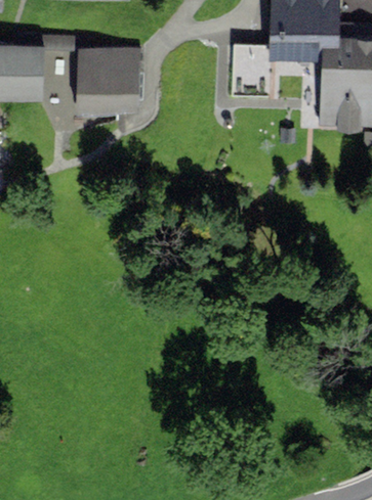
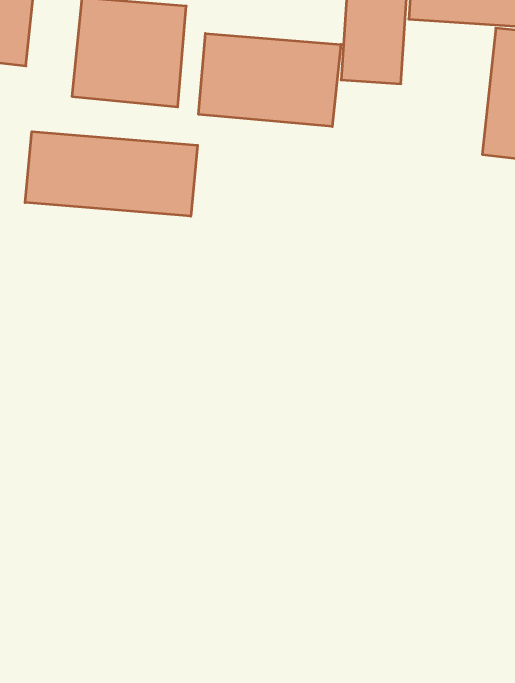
building: none -> [199,33,341,127]
building: none -> [25,132,198,216]

